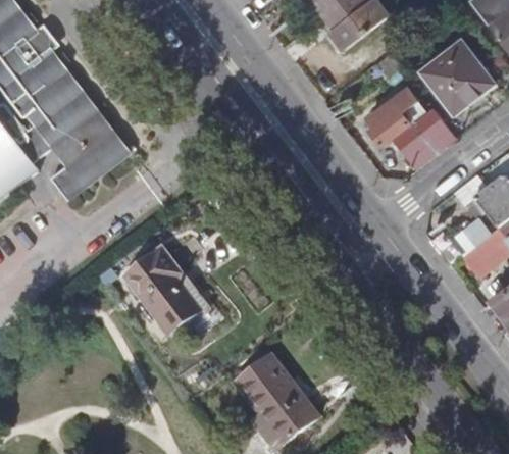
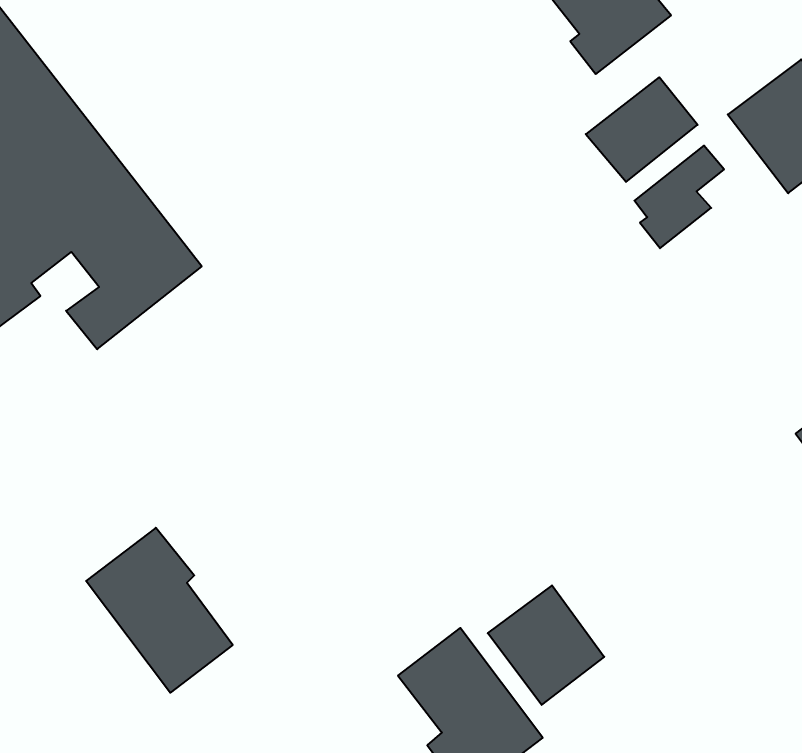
building: [394,109,456,167] -> [586,77,698,182]
building: [122,245,204,337] -> [86,528,233,693]
building: none -> [488,585,604,705]

